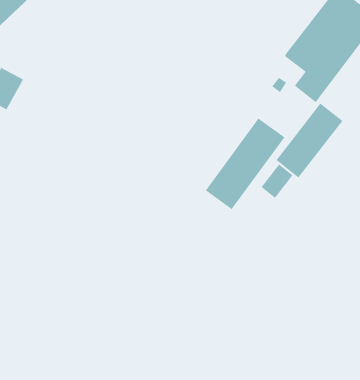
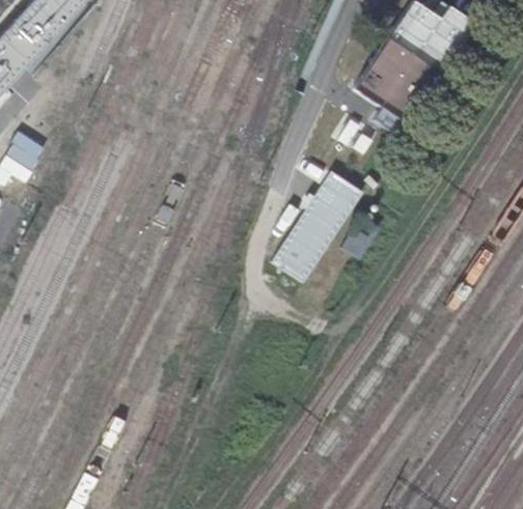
building: [275,103,343,179] -> none

